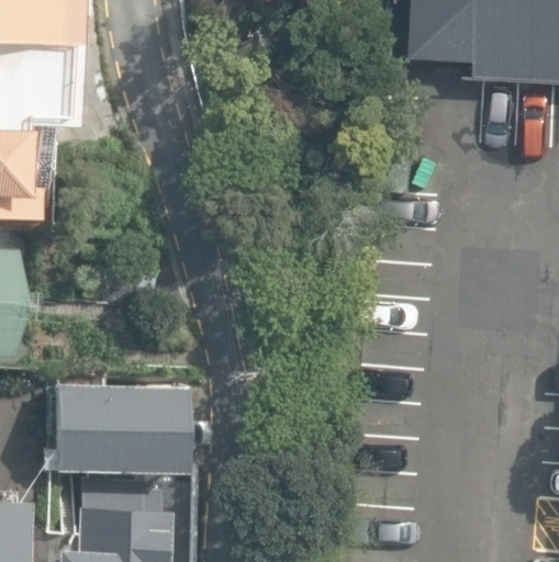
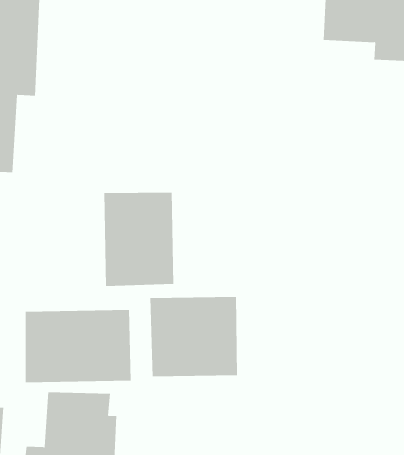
building: none -> [104,192,174,287]
building: none -> [150,296,237,377]

